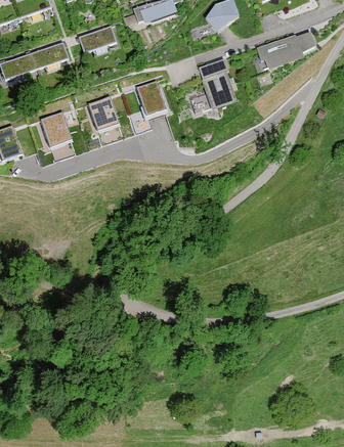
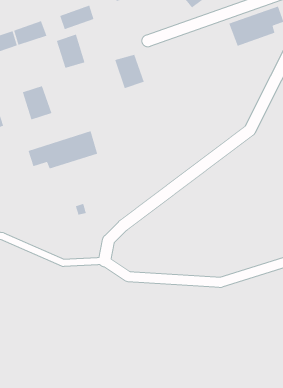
building: [198,58,238,110] -> none
building: [87,93,118,130] -> [56,34,85,69]
building: none -> [27,130,98,170]

